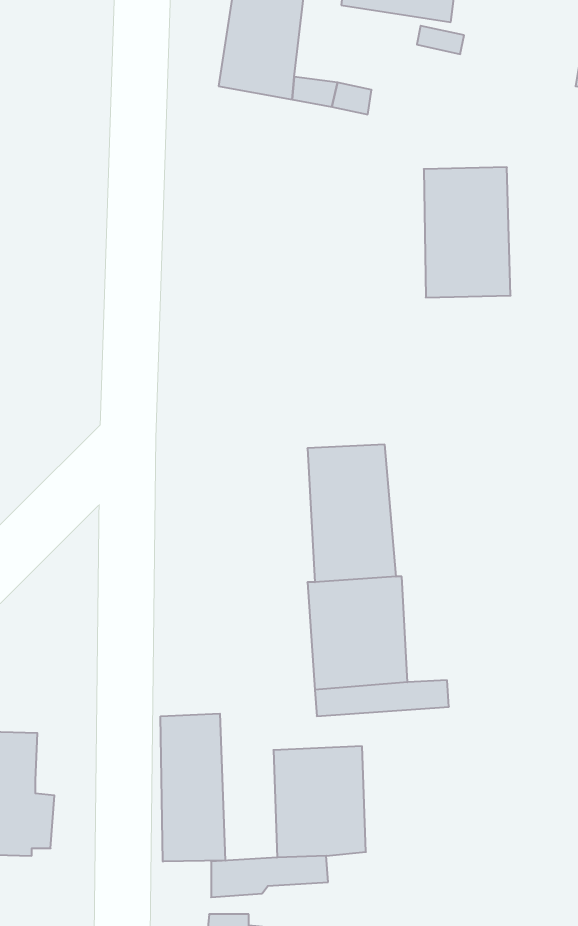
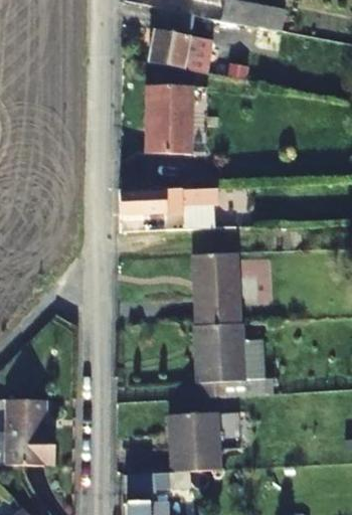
building: [424,167,511,297] -> [145,82,191,152]
building: none -> [121,189,221,230]
building: [161,714,225,862] -> none

